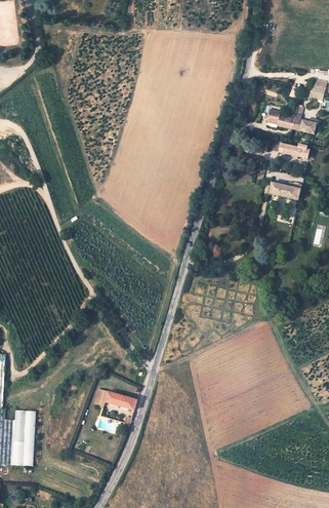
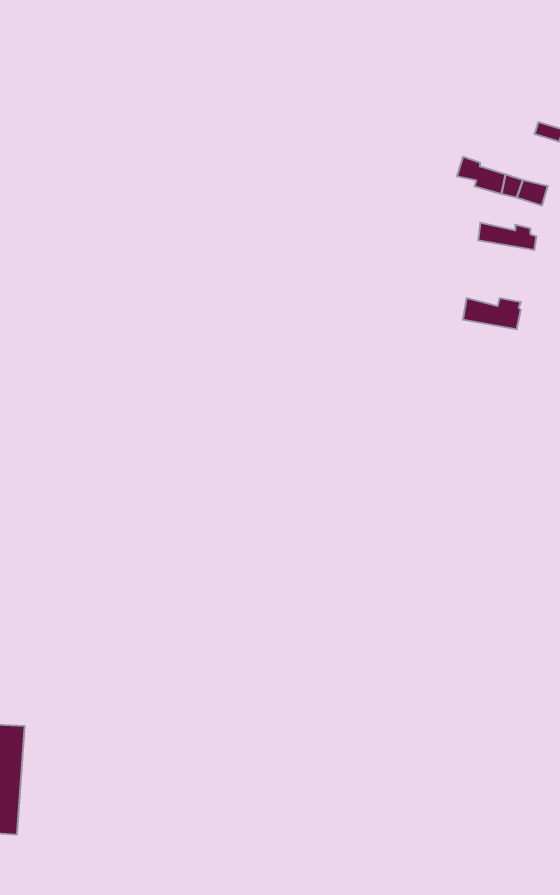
building: [93,388,136,408] -> none

